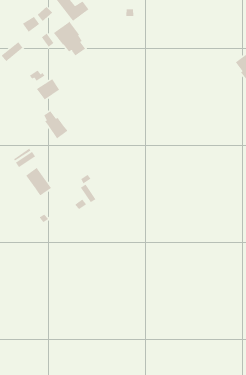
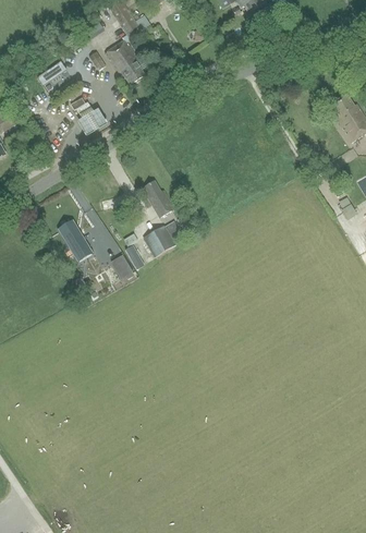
building: [43,110,68,139] -> [144,181,174,218]
building: none -> [142,221,183,257]

